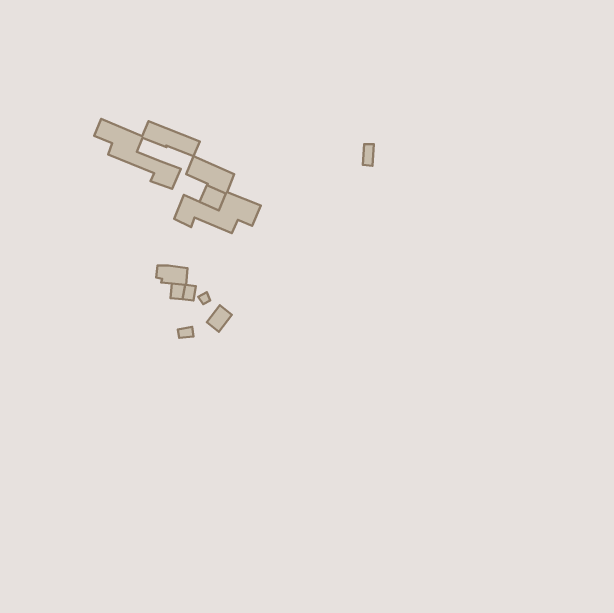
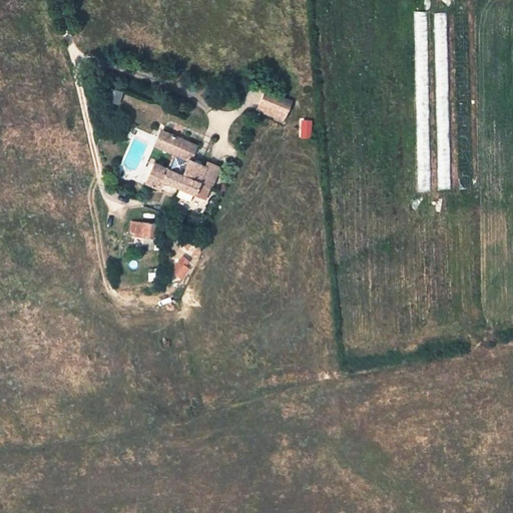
building: none -> [259,91,294,123]
building: [94,119,200,189] -> none

